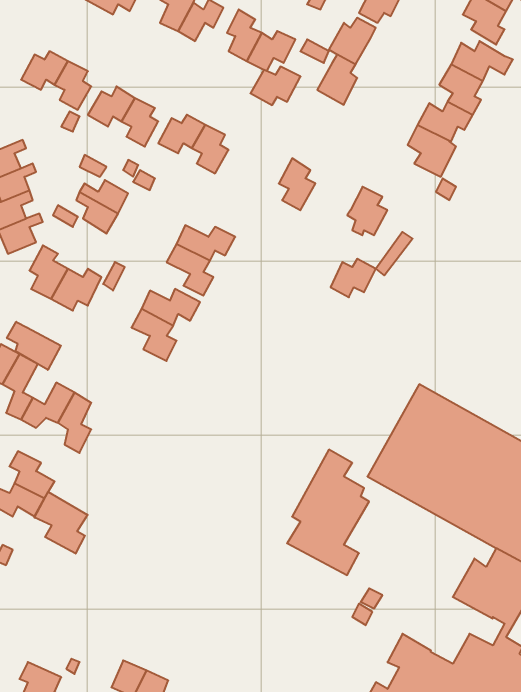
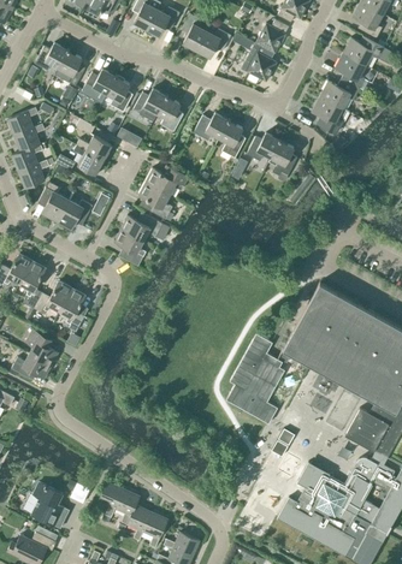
building: [250,67,301,105] -> [193,113,229,141]
building: [331,259,376,297] -> [247,133,279,161]
building: [7,322,61,370] -> none
building: [34,492,88,554] -> none

